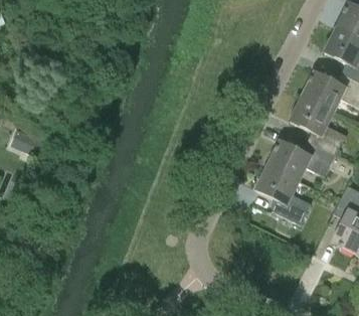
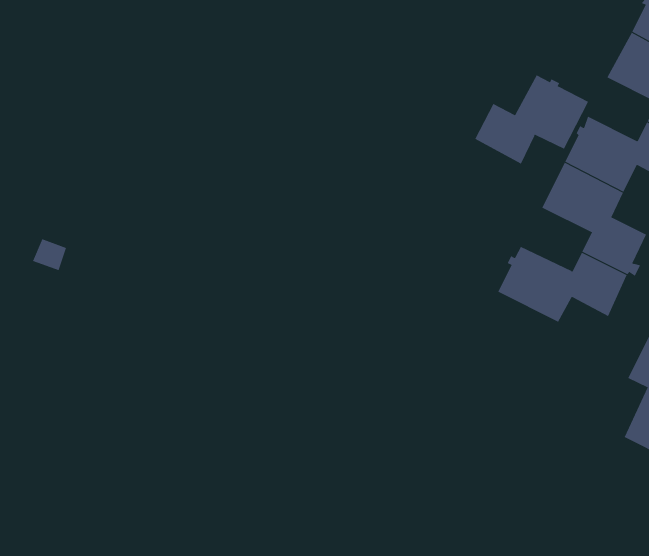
building: none -> [475,75,589,165]
building: [253,164,311,225] -> none

